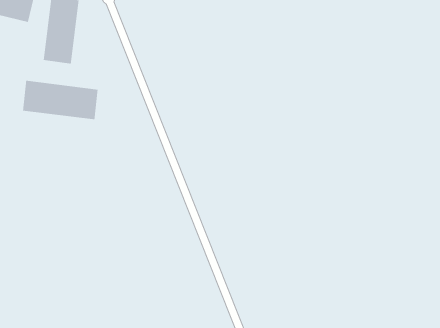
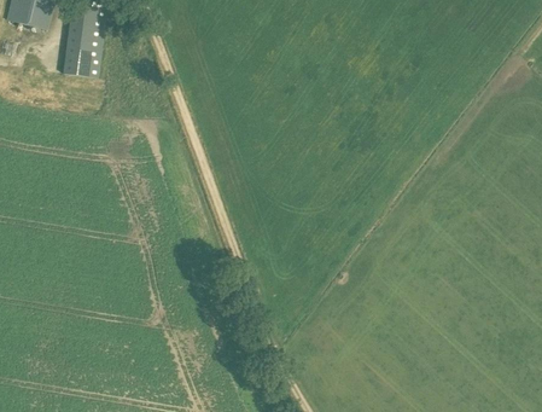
building: [22,80,99,120] -> none

